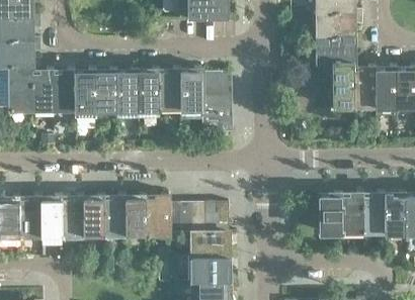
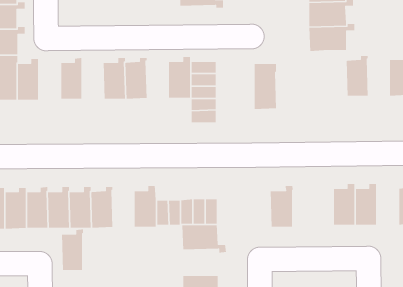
building: [331,65,353,110] -> [254,63,277,110]
building: [374,69,396,109] -> none
building: [94,71,115,112] -> none
building: [157,71,179,111] -> none
building: [52,72,73,113] -> none
building: [318,194,341,235] -> [270,185,294,228]
building: [383,194,404,235] -> none
building: [123,196,146,237] -> [61,229,84,271]
building: [192,259,236,287] -> none

